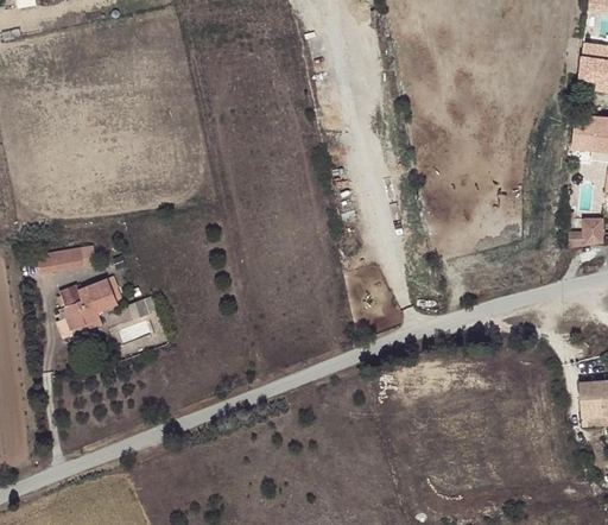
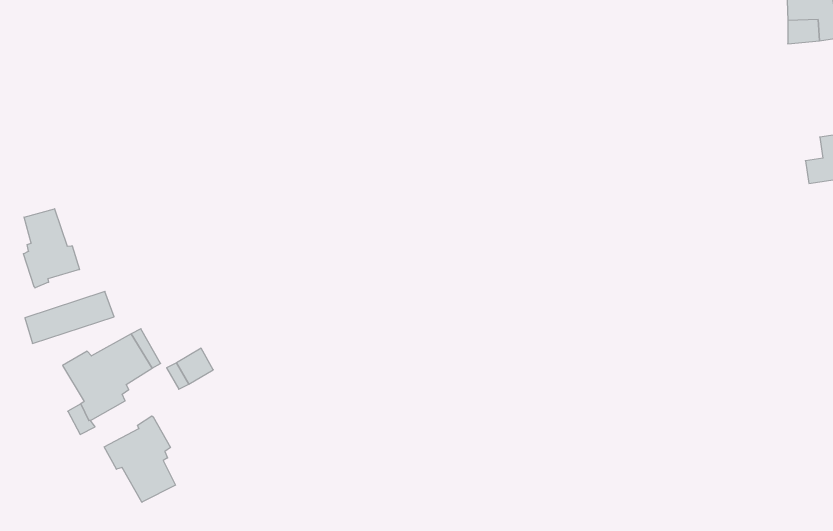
building: none -> [23,209,79,288]
building: none -> [104,416,175,502]

